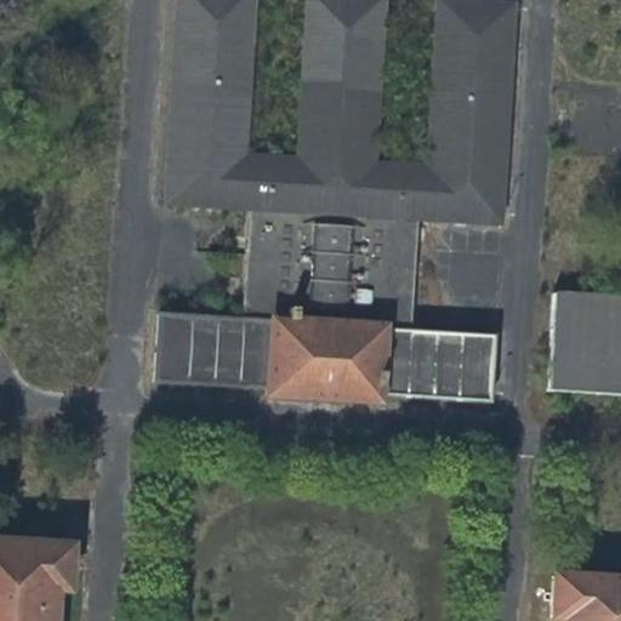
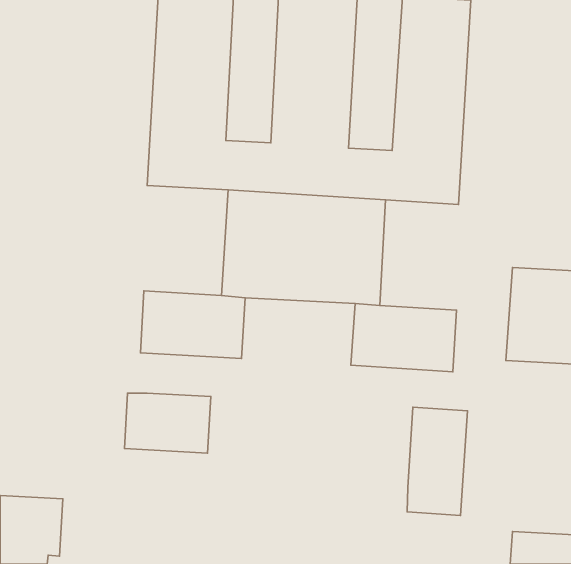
building: [263,321,387,410] -> none
building: none -> [124,393,211,453]
building: none -> [407,407,467,515]

